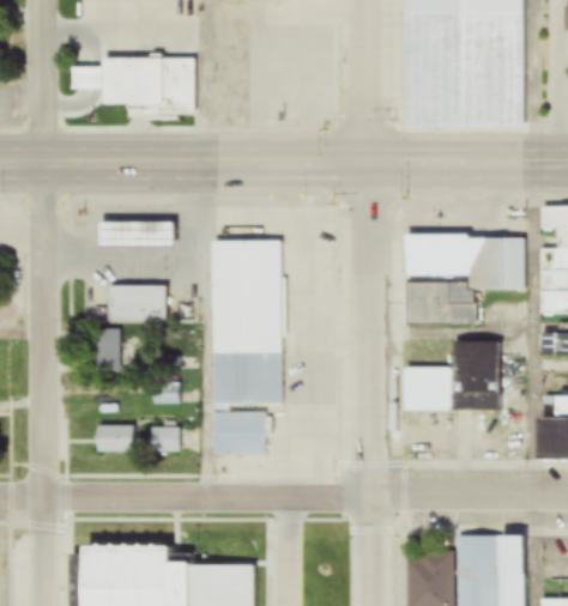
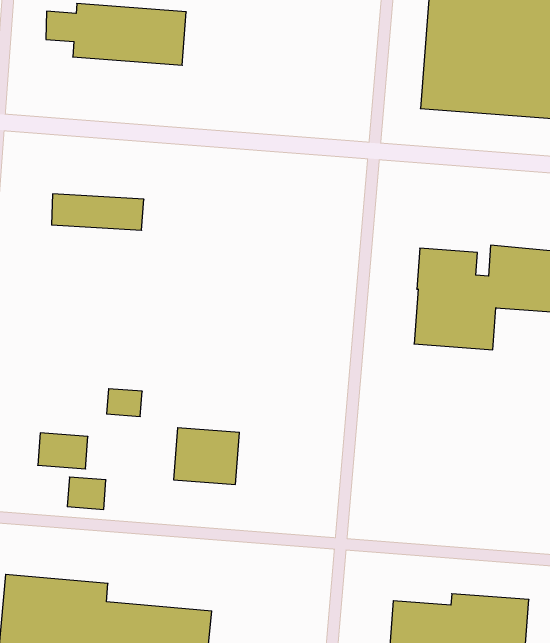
building: [210,235,274,400] -> none
building: [108,285,162,319] -> none
building: [97,328,121,371] -> none
building: [410,339,501,408] -> none
building: [152,426,183,452] -> [67,477,106,509]

